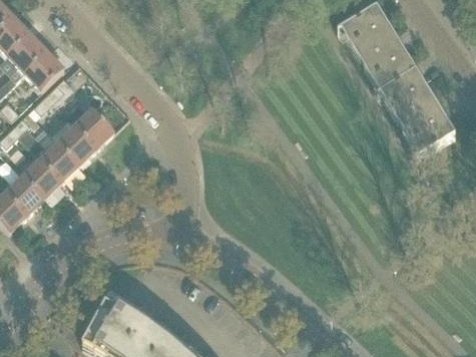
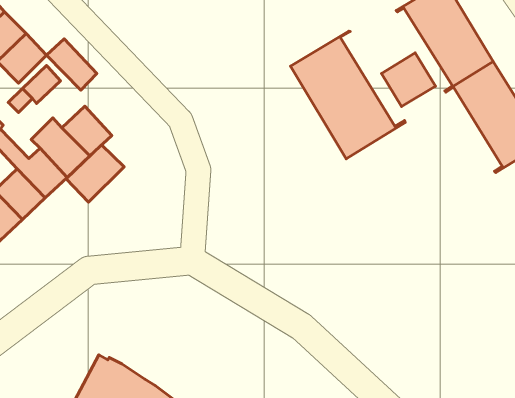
building: none -> [291,31,405,159]
building: none -> [47,39,97,90]
building: none -> [381,53,436,107]
building: none -> [66,145,124,202]

